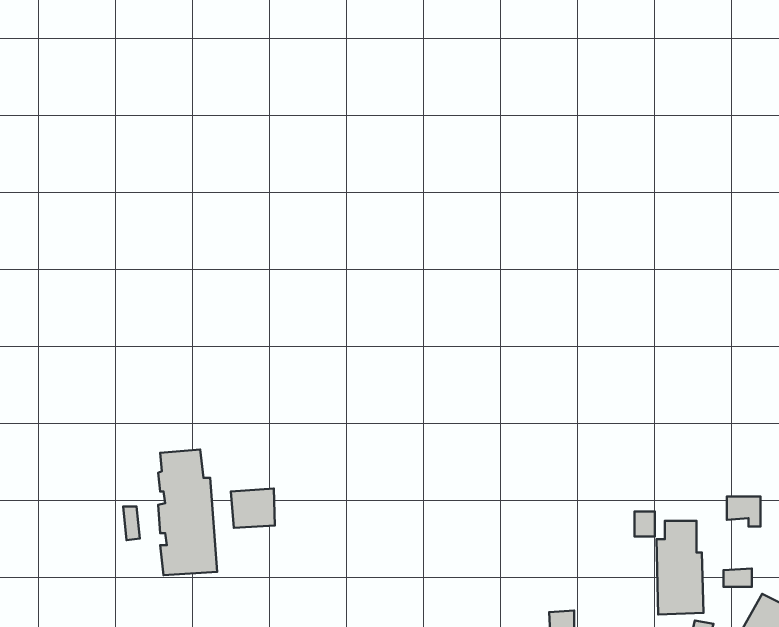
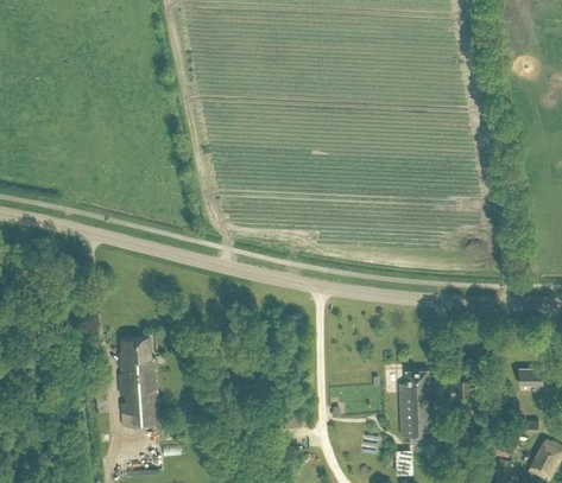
building: [231,489,275,528] -> none
building: [656,521,703,615] -> [399,370,432,437]

